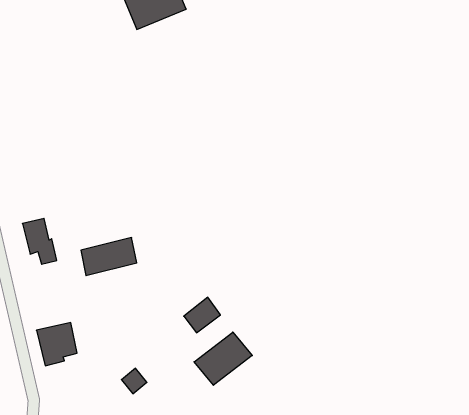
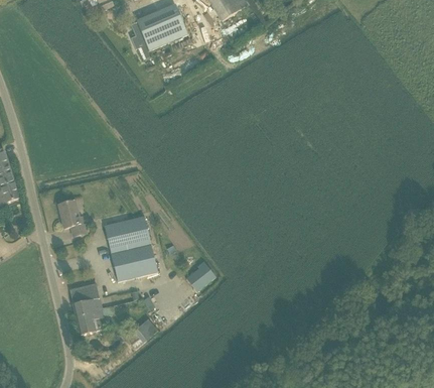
building: none -> [108,235,157,281]
building: [194,332,252,385] -> none
building: none -> [76,304,114,335]

